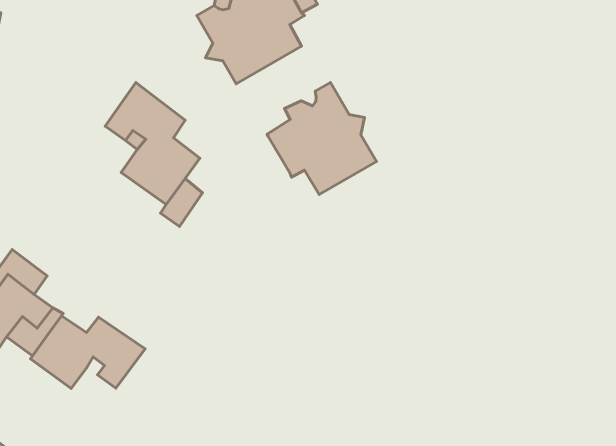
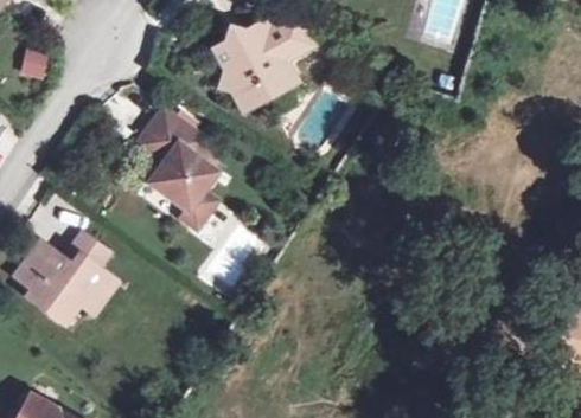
building: [267,82,377,195] -> none
building: [31,316,145,388] -> none

